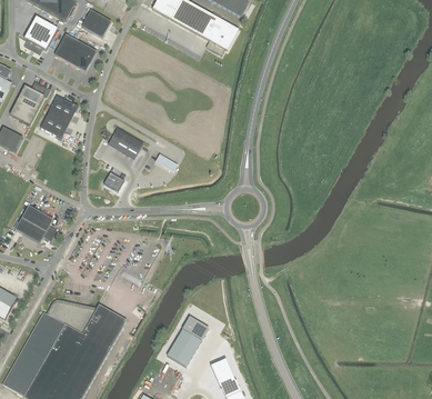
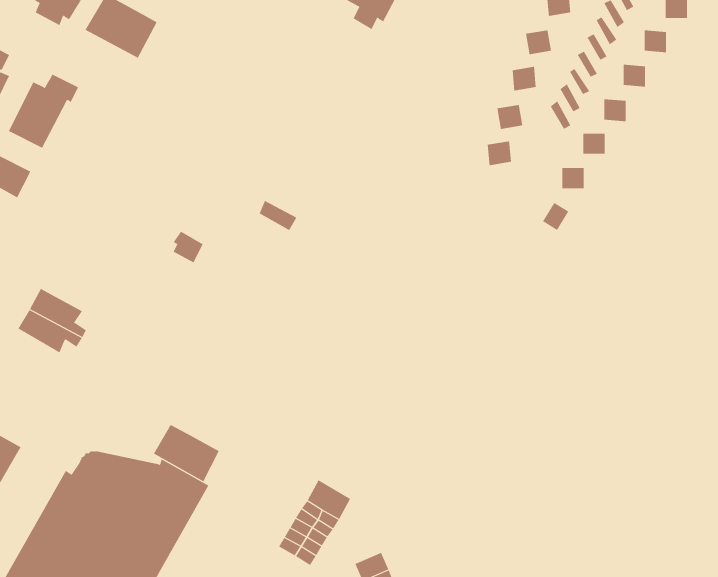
building: [40,96,78,139] -> none
building: [108,127,143,157] -> none
building: none -> [153,424,219,482]

